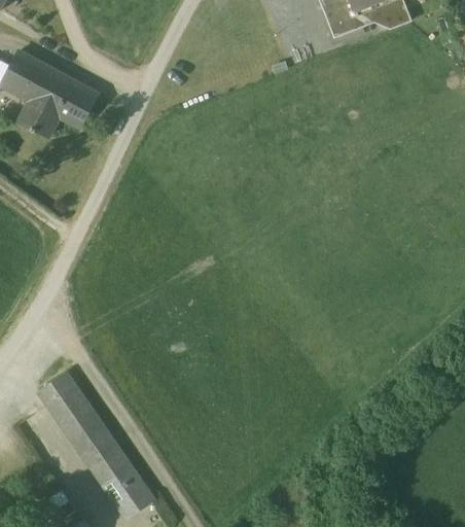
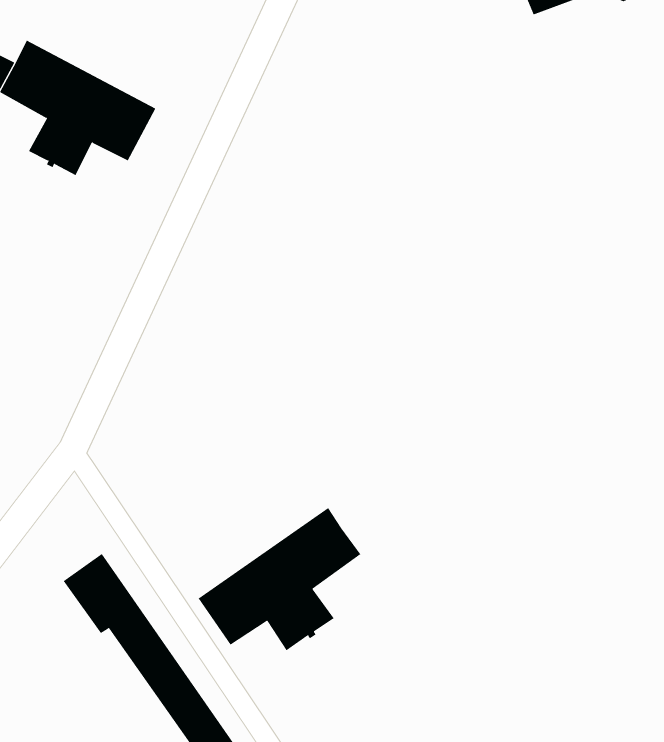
building: none -> [198,507,361,651]

